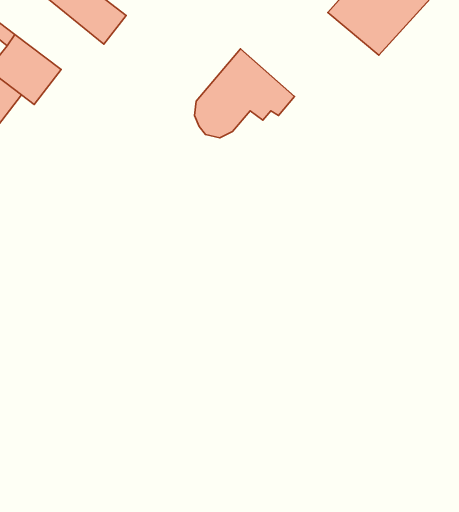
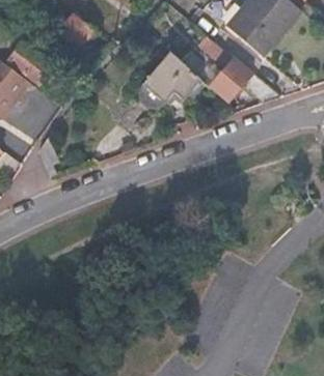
building: none -> [199,35,252,103]

